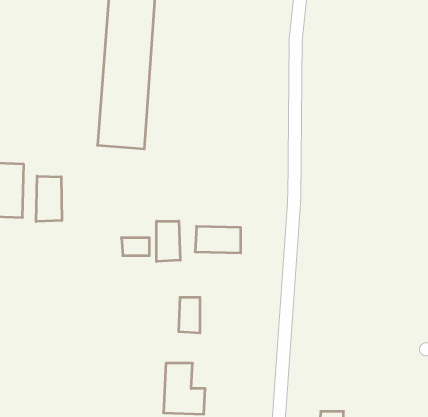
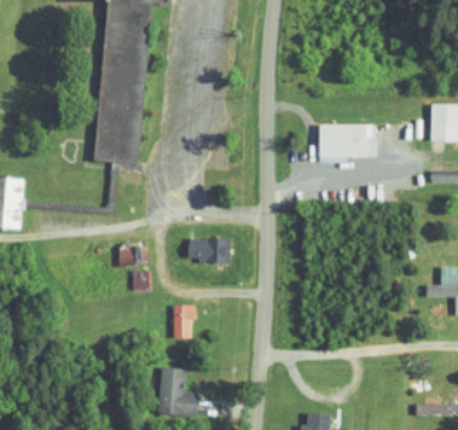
building: none -> [318,124,376,158]
building: [36,176,62,222] -> none
building: [157,221,180,262] -> none

